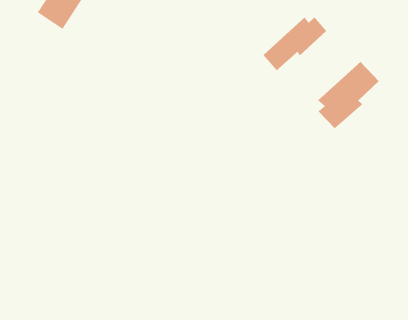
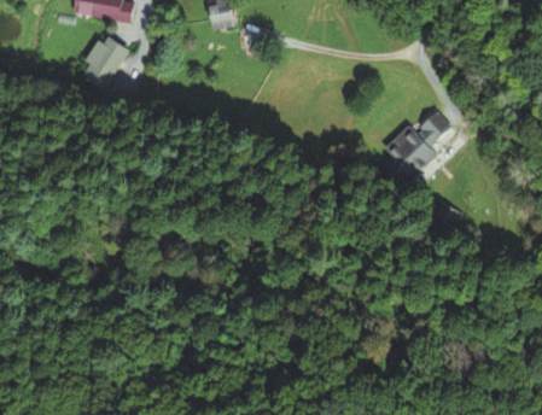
building: [262,17,327,71] -> none

